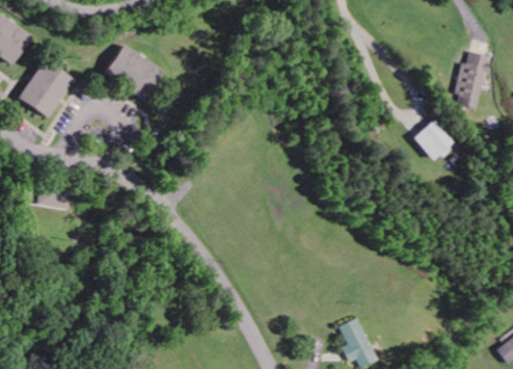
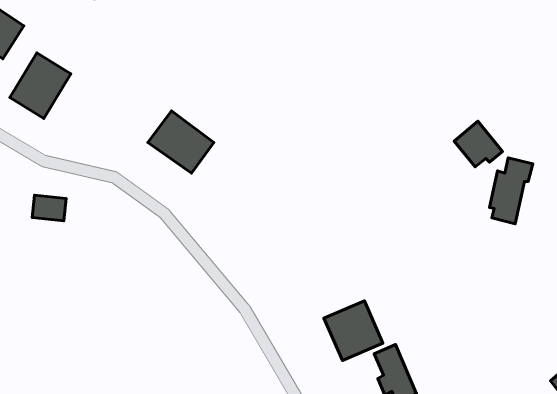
building: [105,44,163,99] -> [148,111,214,173]
building: [454,51,492,109] -> [489,158,533,224]
building: none -> [324,301,383,361]

